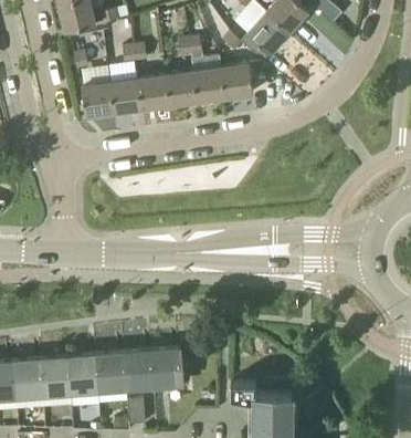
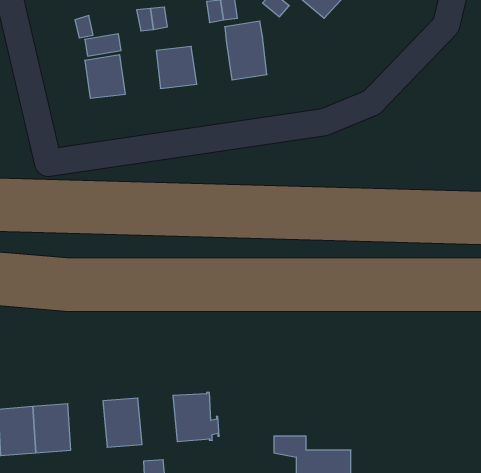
building: [222,65,254,98] -> none
building: [166,72,198,106] -> none
building: [109,80,141,114] -> none
building: [124,352,155,390] -> none
building: [68,356,99,395] -> none

